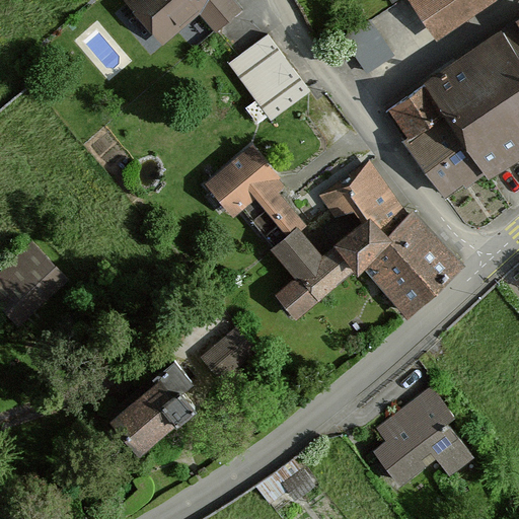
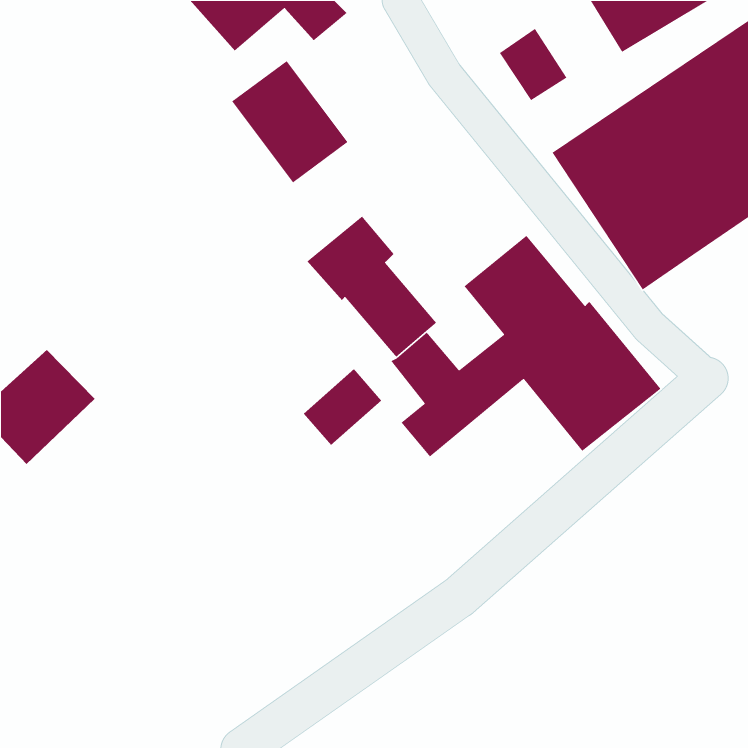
building: [230,34,311,120] -> [231,60,348,183]
building: [202,324,256,378] -> [303,368,382,446]
building: [113,355,193,452] -> none
building: [372,386,470,484] -> none

